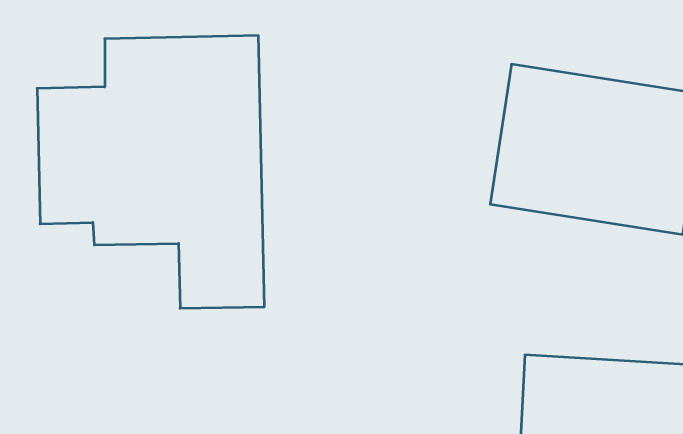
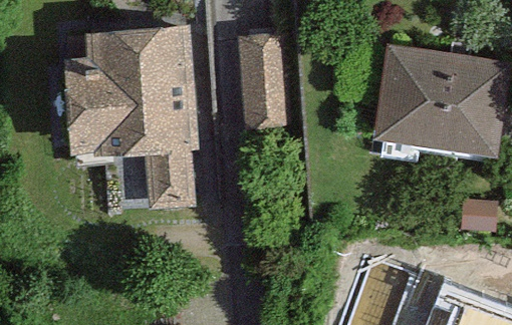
building: none -> [242,38,289,130]

